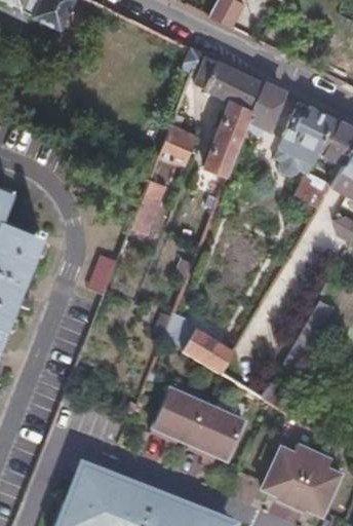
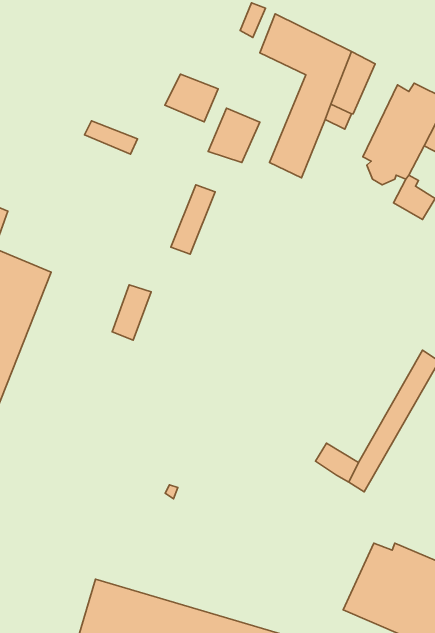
building: none -> [165,74,218,122]
building: [165,316,233,374] -> none
building: [151,390,250,467] -> none

